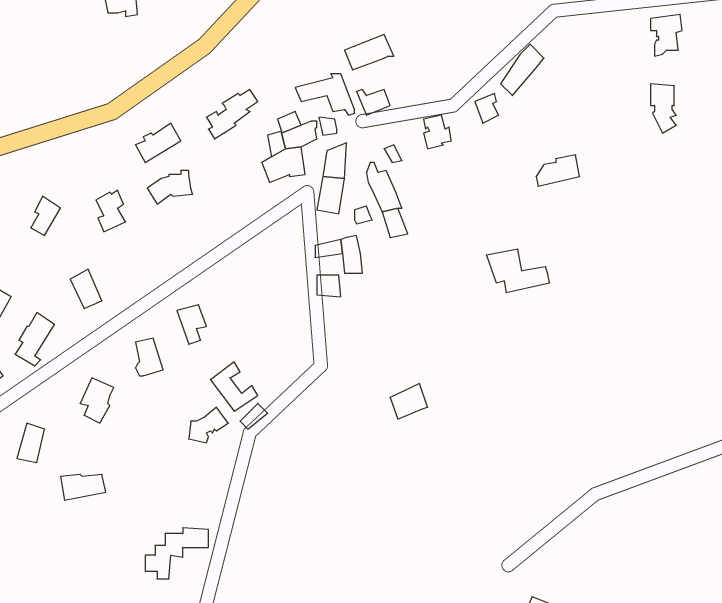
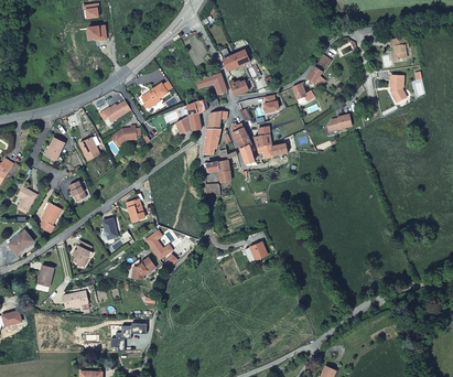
building: [486,249,550,293] -> [256,136,291,160]

